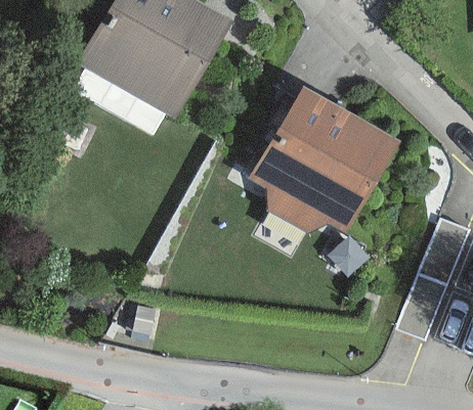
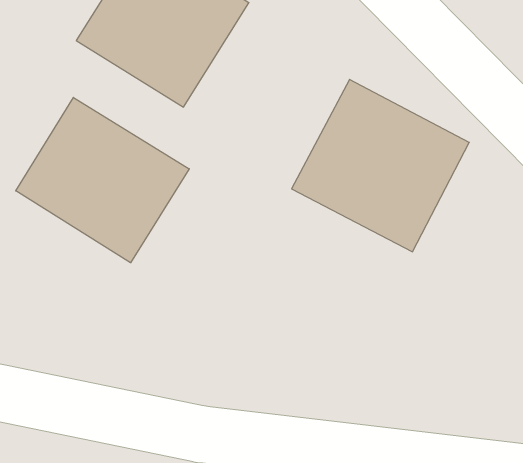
building: none -> [16,97,189,263]

